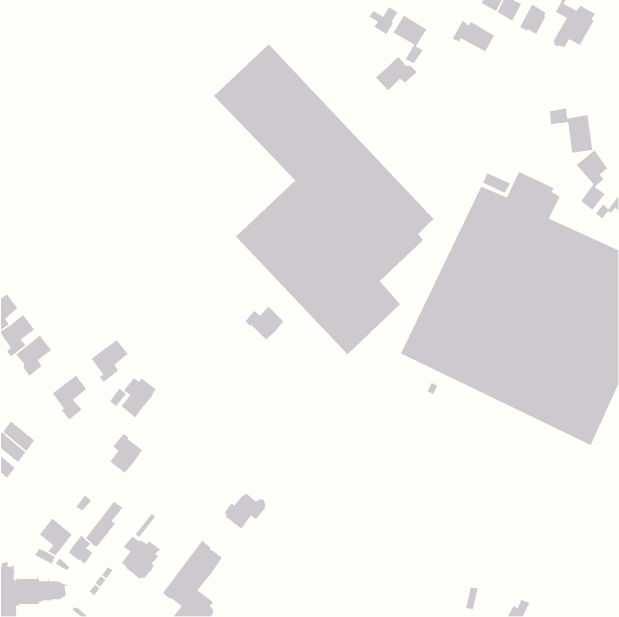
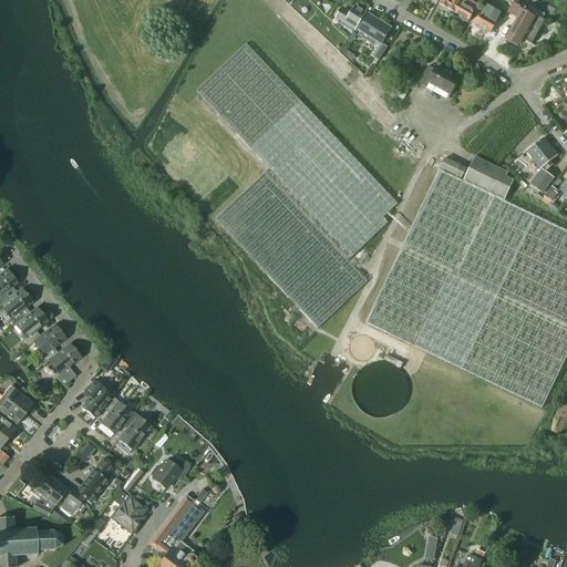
building: [452,20,495,52] -> [419,64,458,94]
building: [375,52,417,91] -> none
building: [549,107,593,153] -> none
building: [244,306,284,342] -> none
building: [87,339,129,383] -> [27,323,65,363]
building: [121,377,157,418] -> [82,380,115,417]
building: none -> [118,410,151,450]
building: [225,493,266,530] -> [151,455,188,488]

